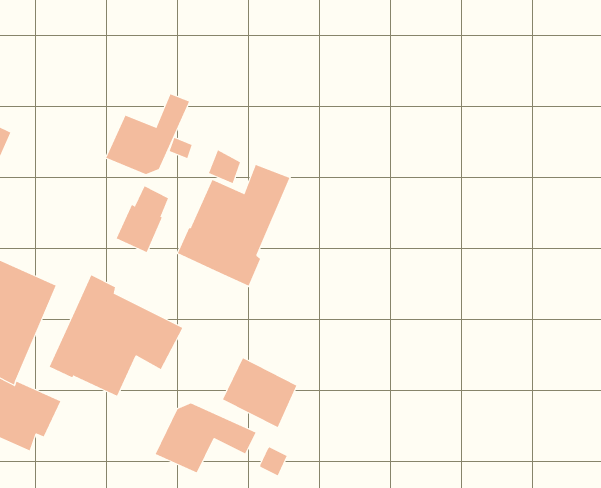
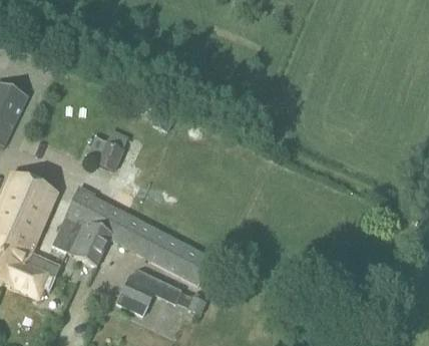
building: [105,94,190,175] -> none
building: [177,164,290,287] -> none
building: none -> [123,220,175,266]

